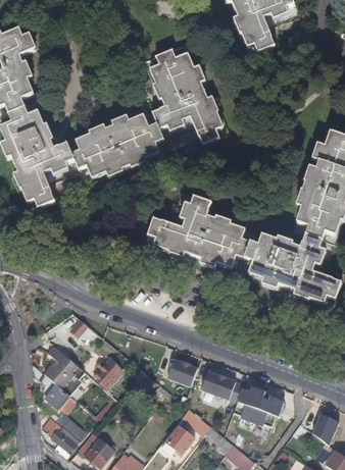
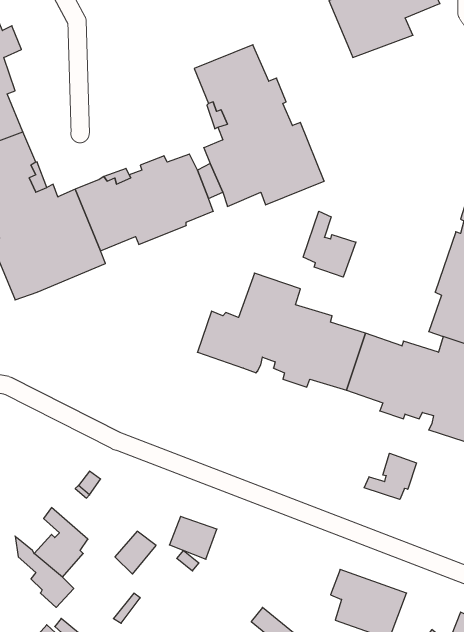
building: none -> [303,211,356,277]
building: none -> [364,453,417,499]
building: [165,356,196,383] -> [169,516,217,559]
building: [200,367,234,396] -> none

